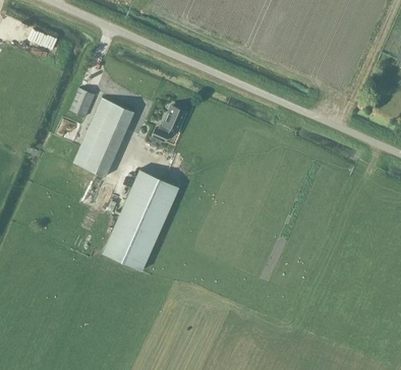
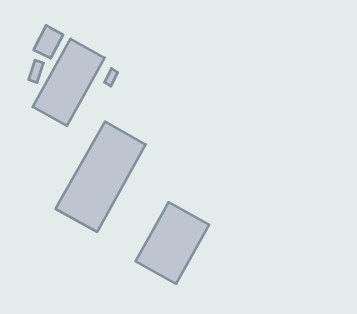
building: [152,106,186,142] -> none
building: none -> [136,202,209,284]

